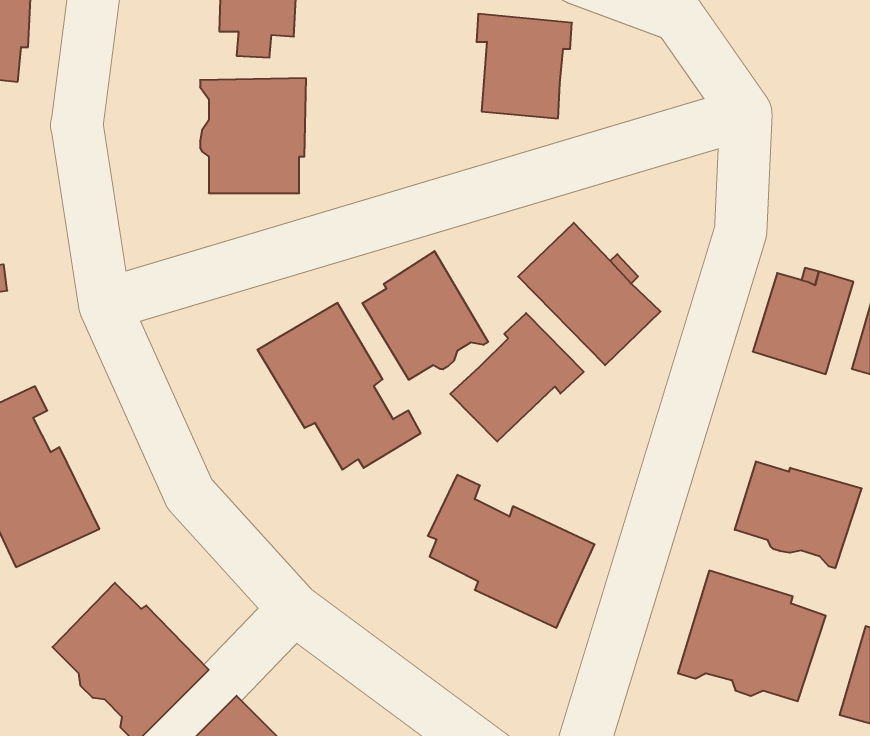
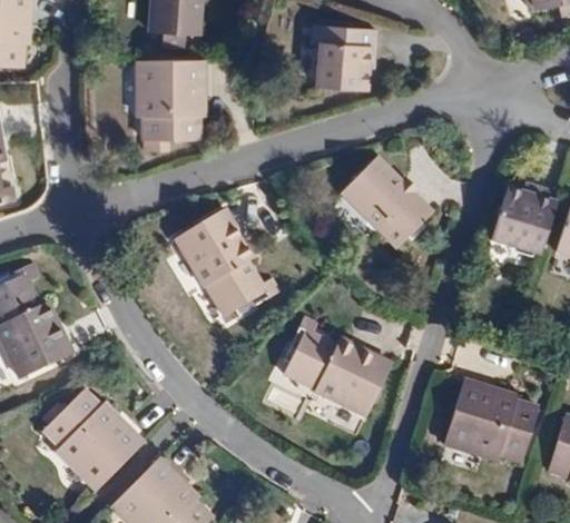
building: [362,251,488,380] -> none
building: [450,313,584,442] -> none
building: [735,461,862,568] -> none

